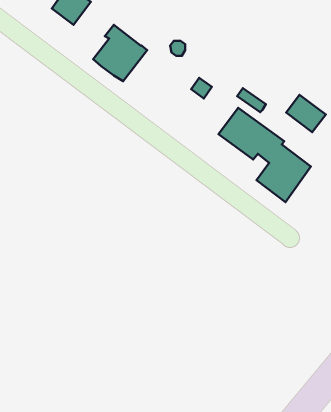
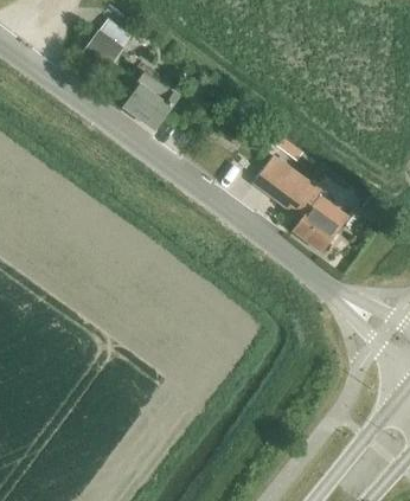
building: [286,95,326,132] -> none

